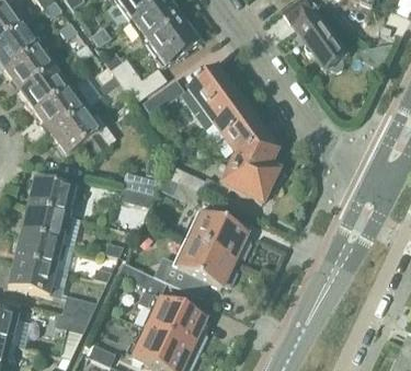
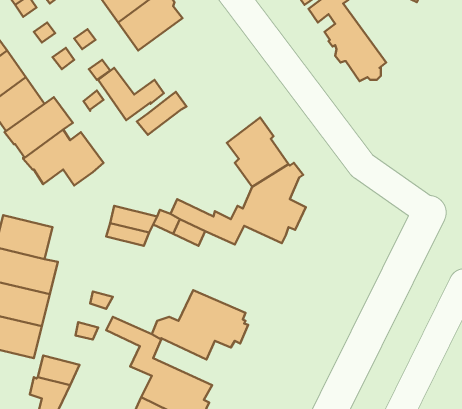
building: [145,16,198,66] -> none
building: [187,65,244,118] -> none
building: [190,210,249,257] -> none

